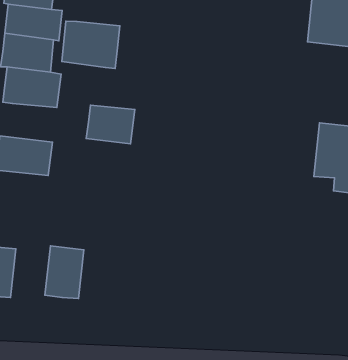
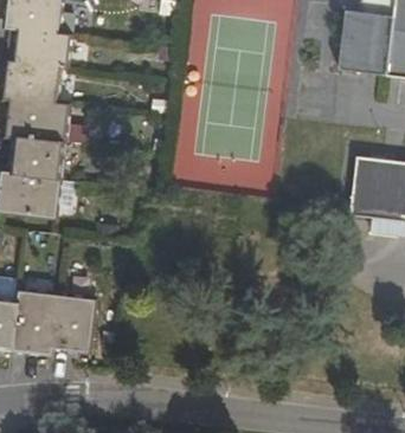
building: [62,21,120,69] -> none
building: [86,105,135,144] -> [12,136,65,179]
building: none -> [14,289,58,353]

